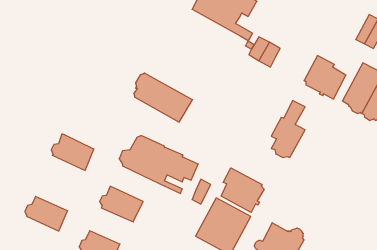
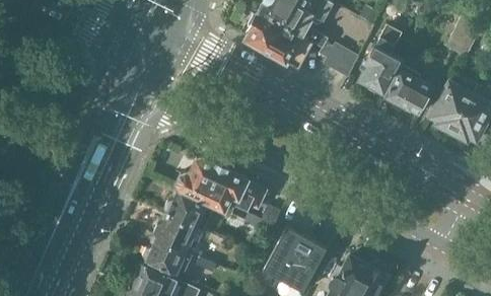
building: [134,73,193,122] -> [247,13,313,69]
building: [271,101,305,157] -> [362,27,401,92]
building: [51,134,94,170] -> [164,191,213,232]
building: [221,168,264,212] -> none
building: [25,196,68,231] -> [143,239,192,279]

